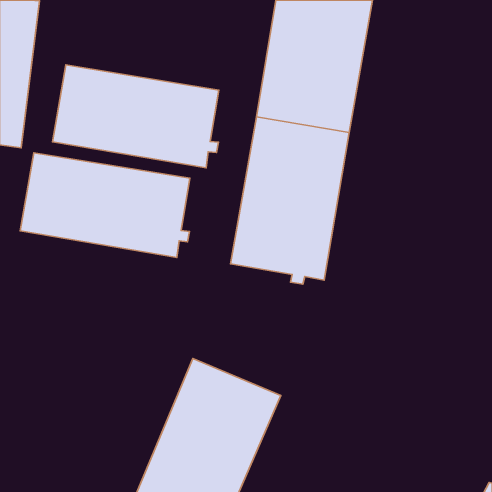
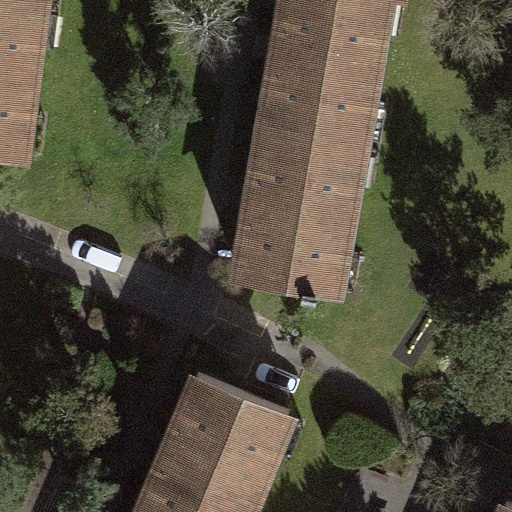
building: [52,65,219,168] -> none
building: [20,153,190,257] -> none

